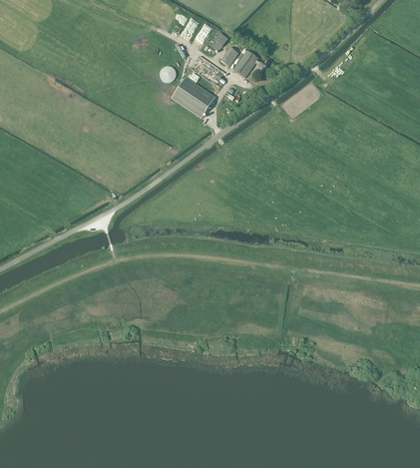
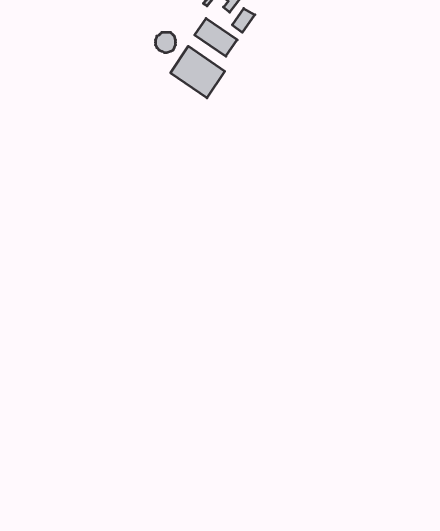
building: [233,50,269,78] -> none

